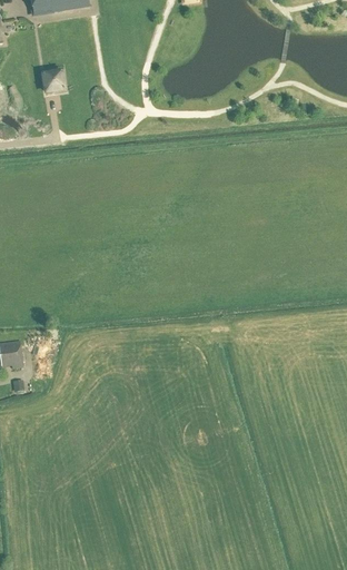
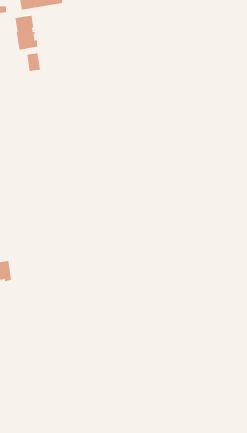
building: none -> [15,15,38,50]

